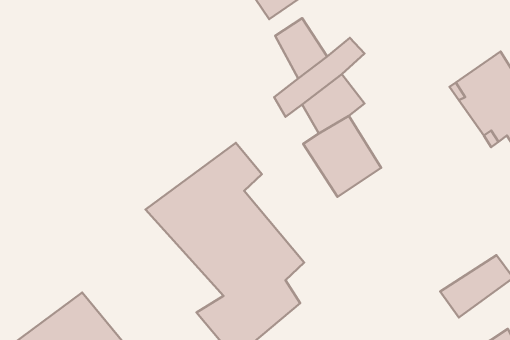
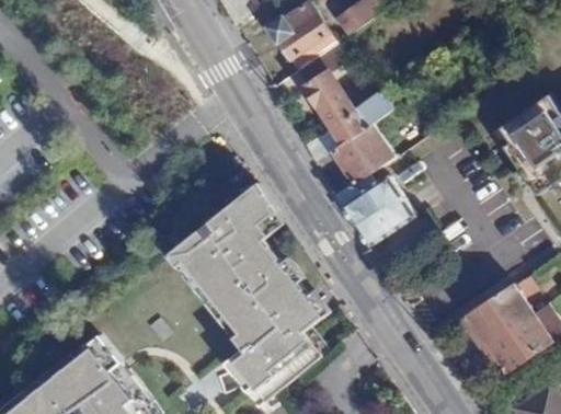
building: none -> [454,281,535,348]

